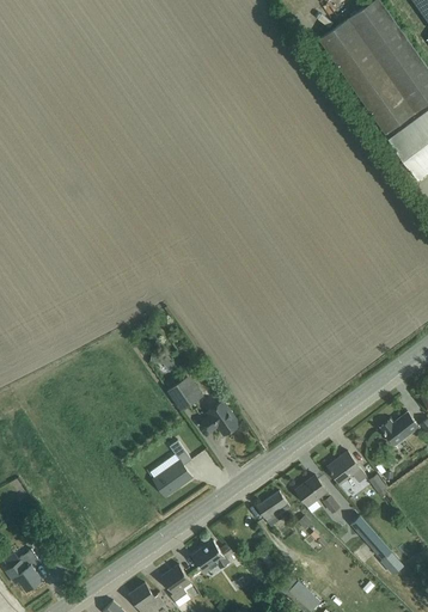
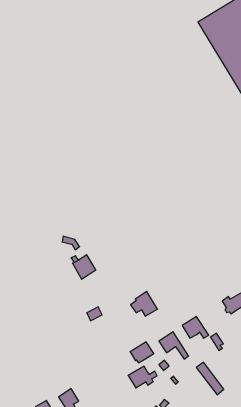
building: [202,400,240,435] -> [131,291,158,316]
building: [154,440,192,496] -> none
building: [192,541,233,573] -> [128,366,157,388]

